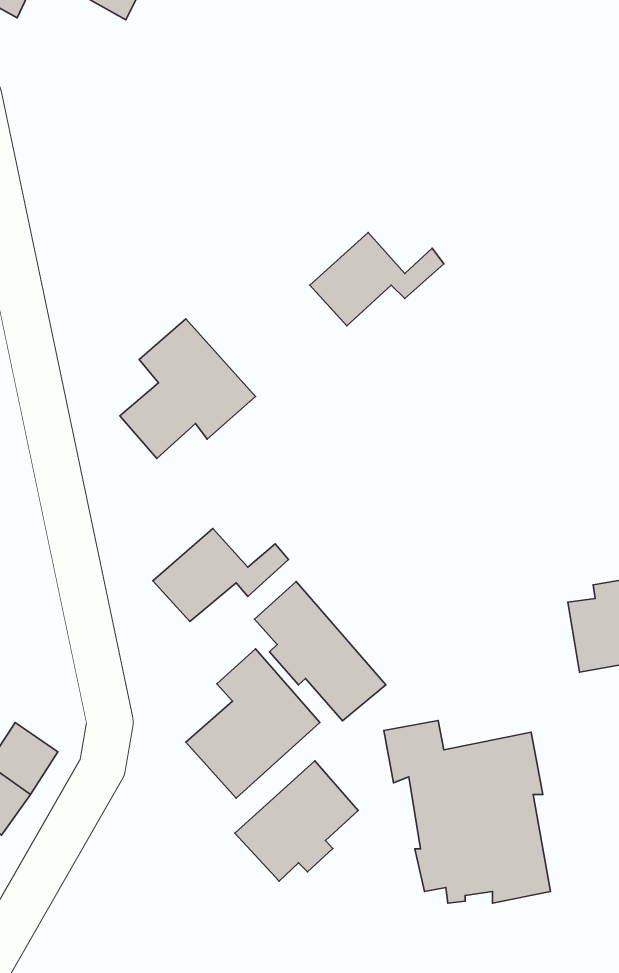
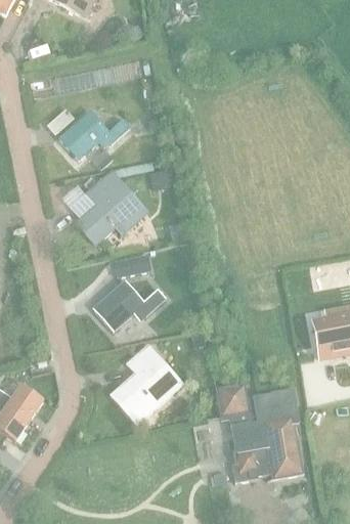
building: [310,233,444,326] -> [58,110,129,159]
building: [254,581,386,721] -> none
building: [235,761,358,881] -> none

